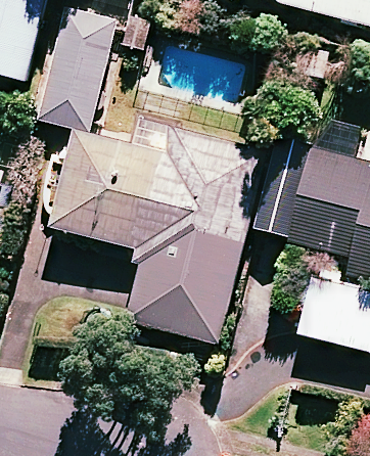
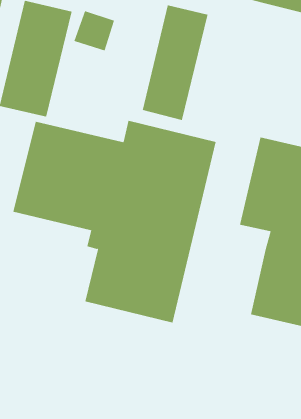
building: none -> [142,5,208,121]

